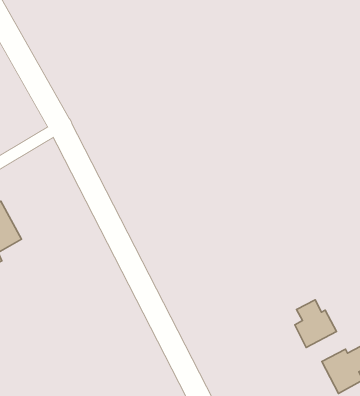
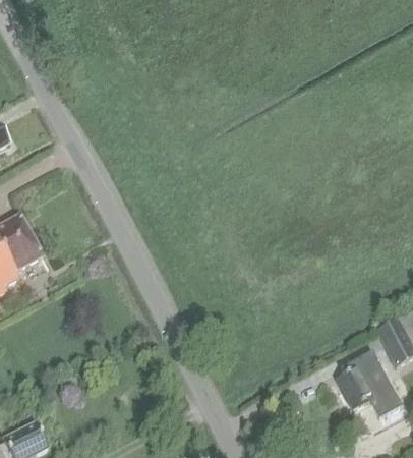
building: [295,300,337,348] -> none

